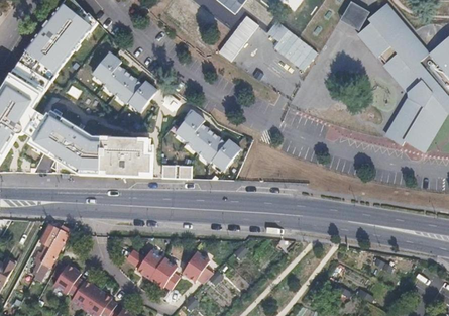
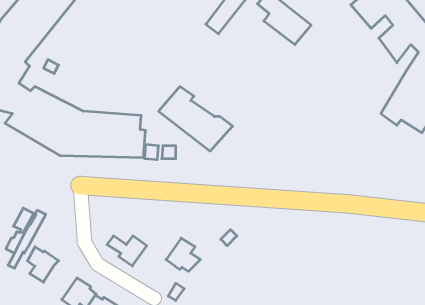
building: [89,51,160,114] -> none
building: [149,256,178,291] -> none
building: [67,278,97,310] -> none

